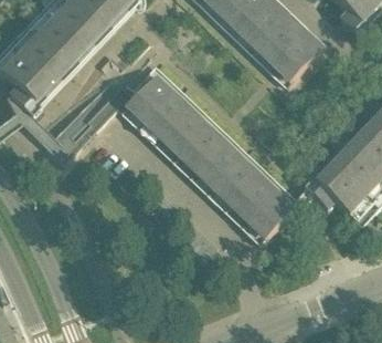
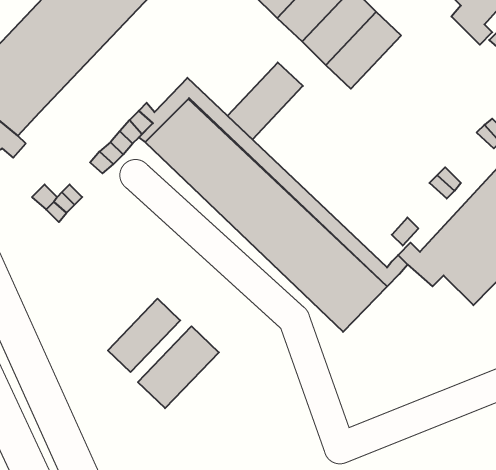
building: [267,31,320,85] -> [228,62,303,139]
building: none -> [108,299,180,372]
building: none -> [138,326,219,408]

